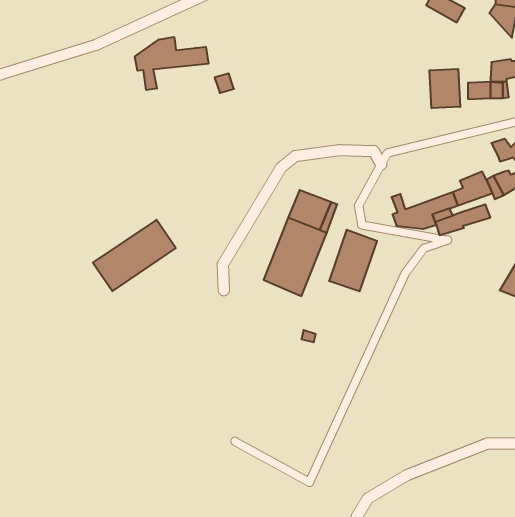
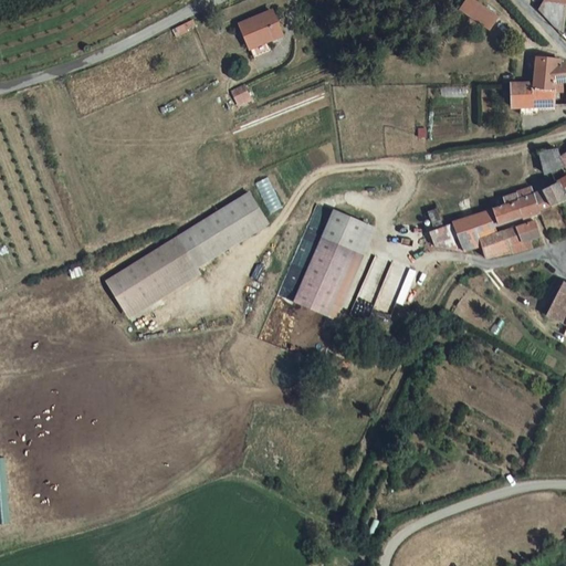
building: none -> [233,11,274,51]
building: [135,37,208,90] -> none
building: [429,69,460,108] -> none
building: none -> [177,191,266,269]

